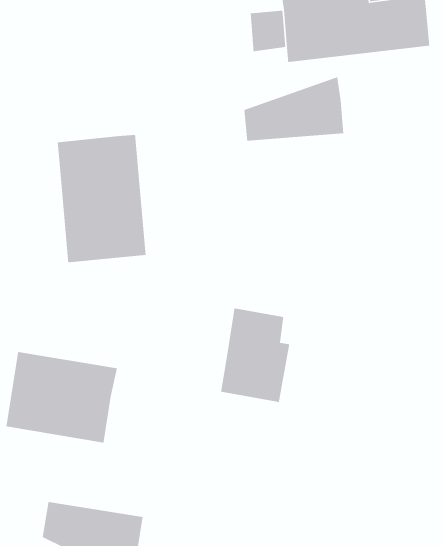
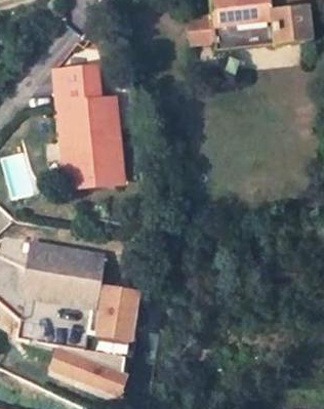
building: [244,76,344,142] -> none
building: none -> [58,64,103,104]
building: [220,307,290,403] -> [89,276,136,340]

